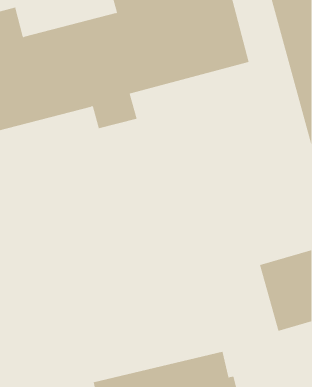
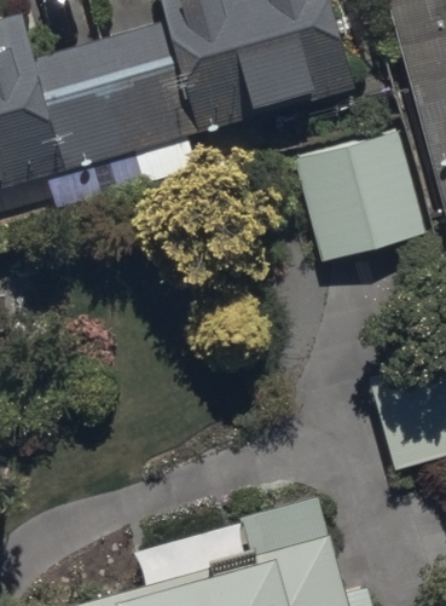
building: none -> [295,128,425,264]

